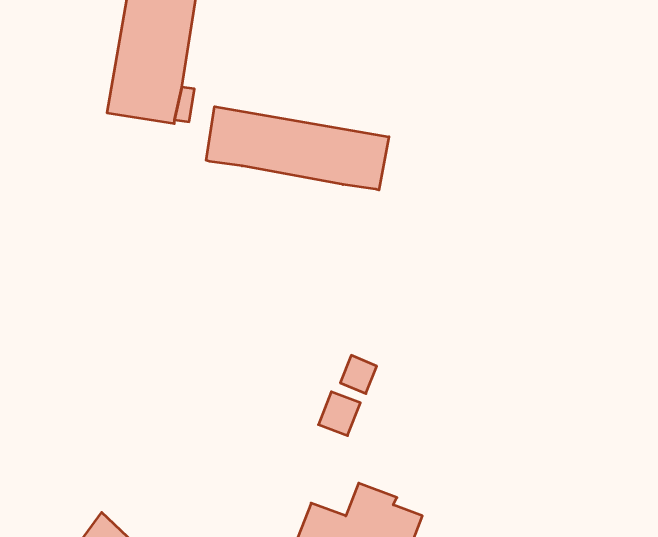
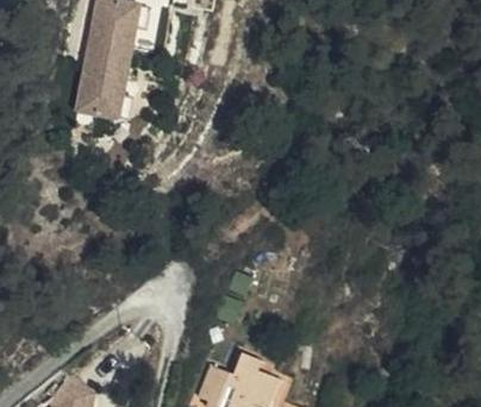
building: [206,107,389,190] -> none

